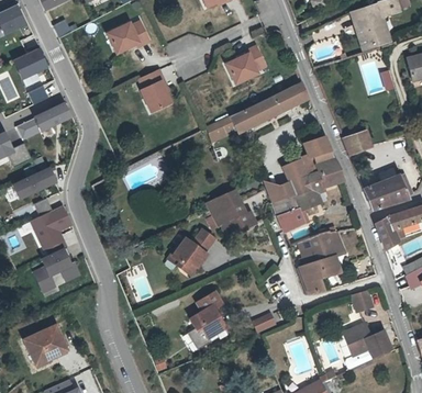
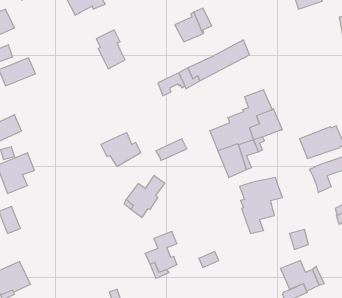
building: [343,130,373,155] -> none
building: [211,201,255,238] -> [101,133,141,166]
building: [44,246,74,273] -> none

